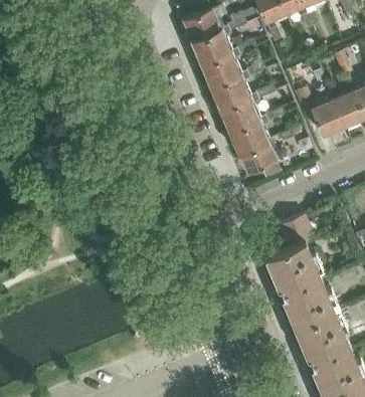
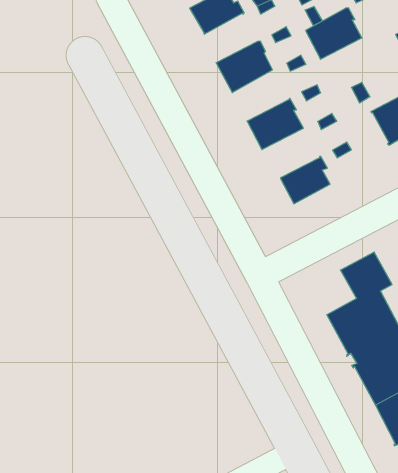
building: [190,28,231,63] -> none
building: [209,72,250,109] -> [306,8,362,59]
building: [227,117,269,154] -> none

